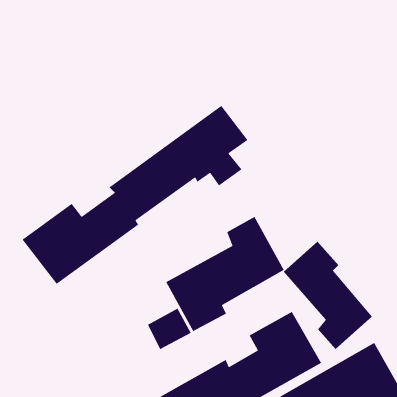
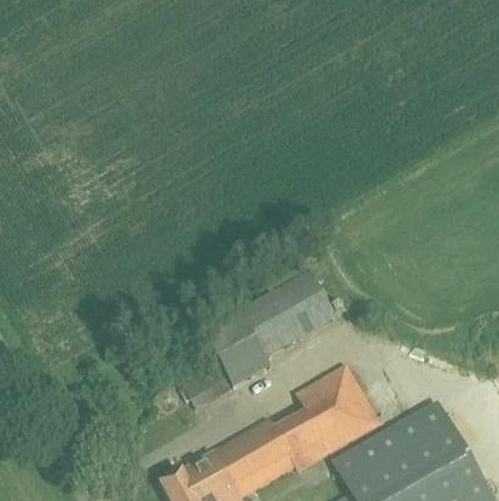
building: [21,105,249,285] -> none
building: [283,241,373,350] -> none

